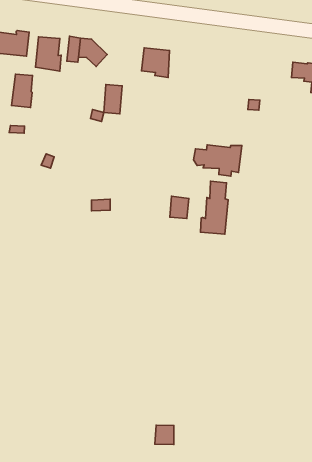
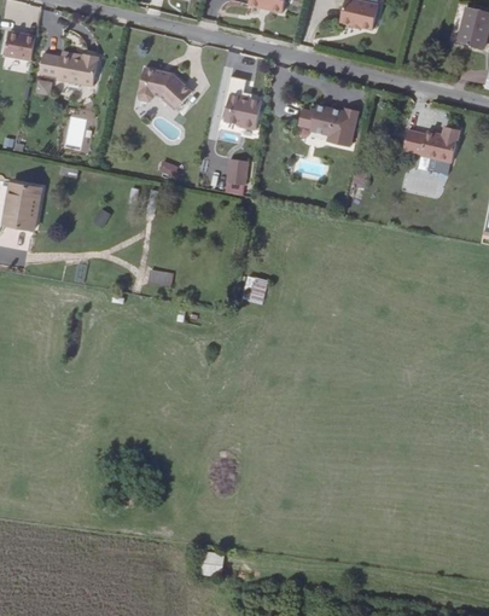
building: [36,37,61,71] -> none
building: [104,84,122,114] -> [225,157,250,194]
building: [194,145,242,176] -> [297,106,357,147]
building: [201,181,228,234] -> none

